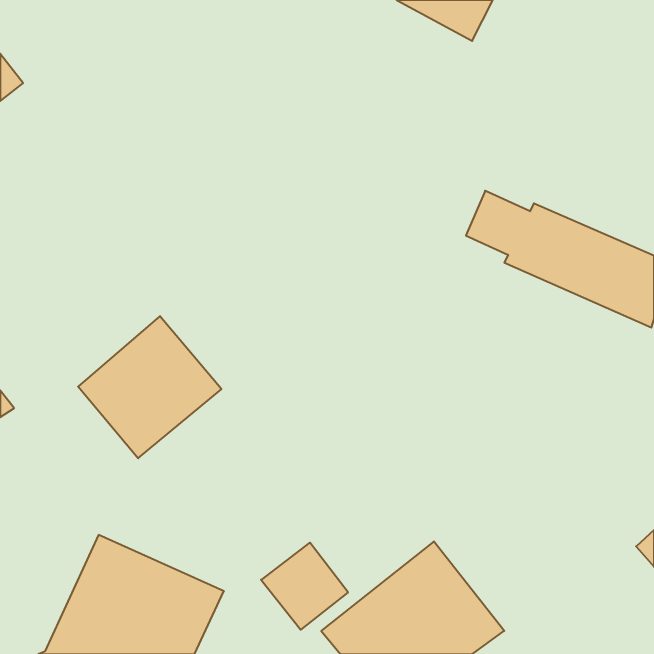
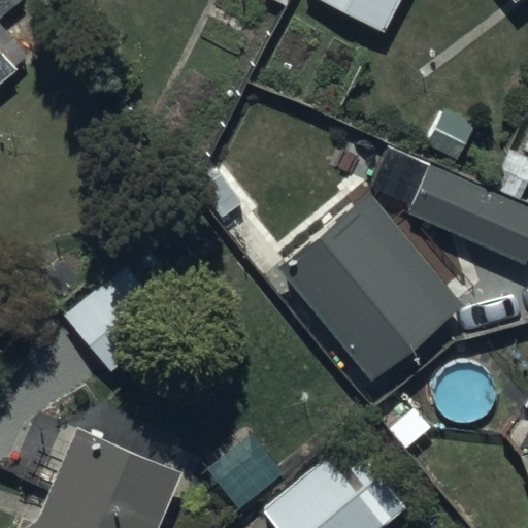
building: none -> [279,195,463,382]

